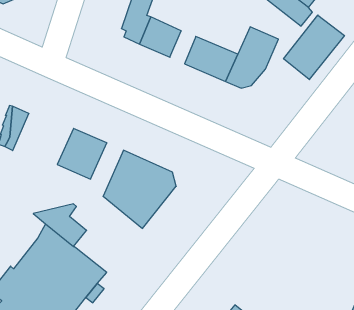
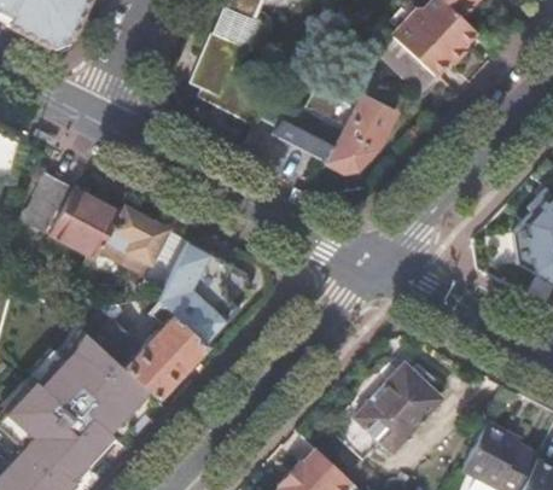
building: [284,15,344,80] -> none
building: none -> [54,188,120,257]
building: none -> [123,297,204,395]
building: none -> [355,363,442,451]

